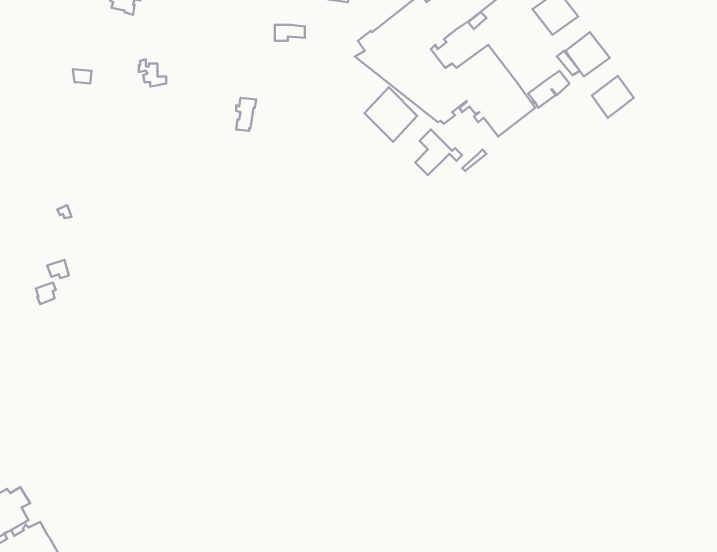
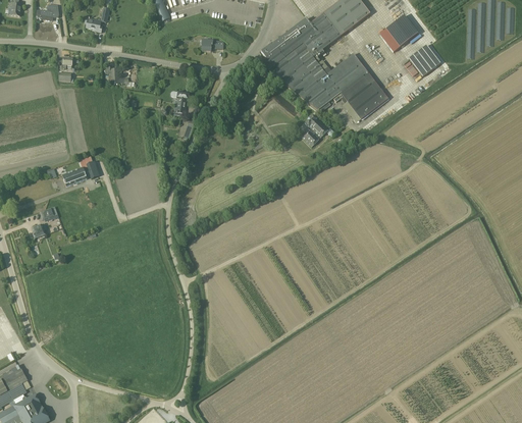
building: [592,76,634,118] -> none
building: [365,87,417,142] -> none
building: none -> [62,156,98,186]

